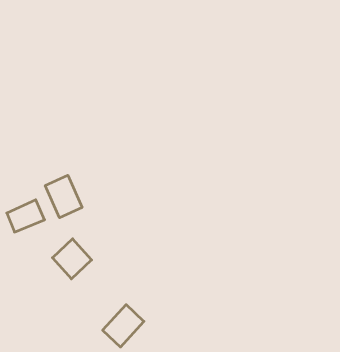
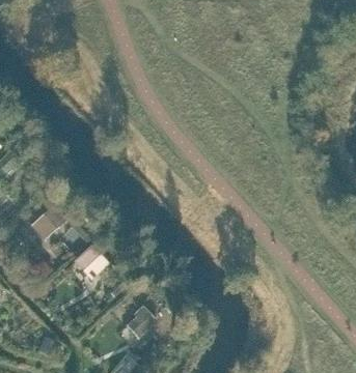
building: [45,175,82,218] -> none

